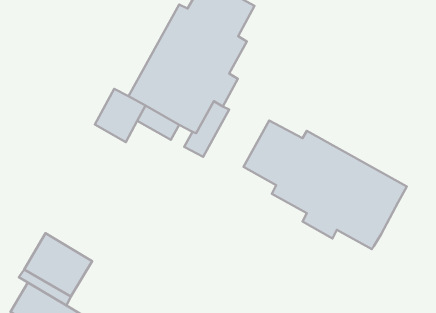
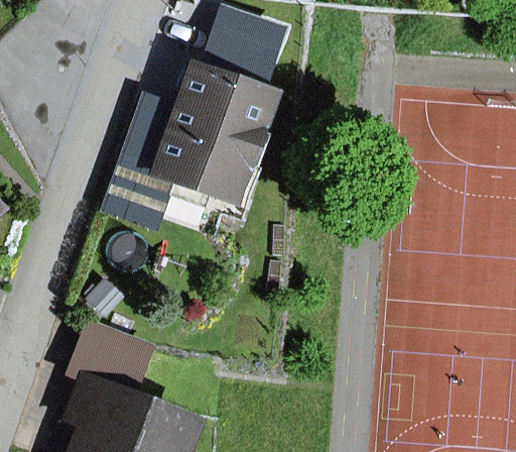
building: [243,120,407,249] -> none

